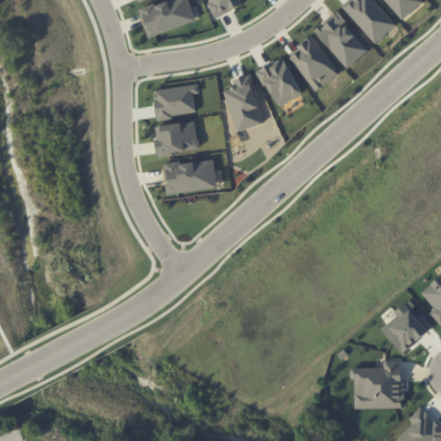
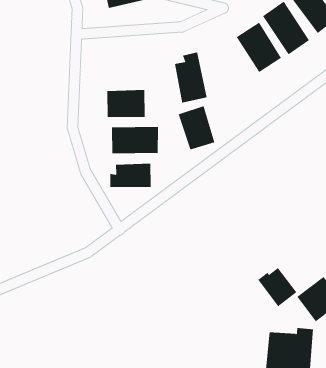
building: [258,57,301,106] -> [178,106,215,150]
building: [154,84,199,118] -> none
building: none -> [110,163,151,188]
building: none -> [257,267,297,307]

